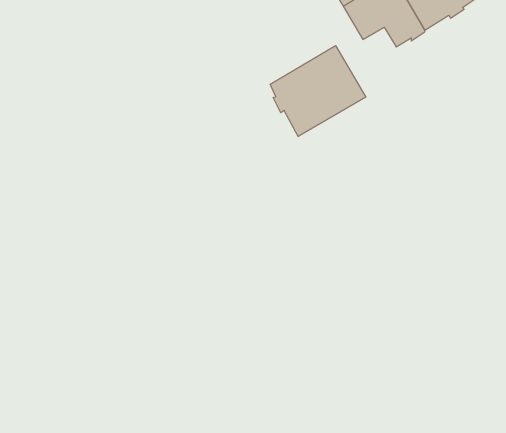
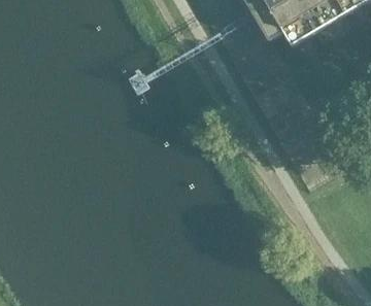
building: [270,46,366,137] -> none

